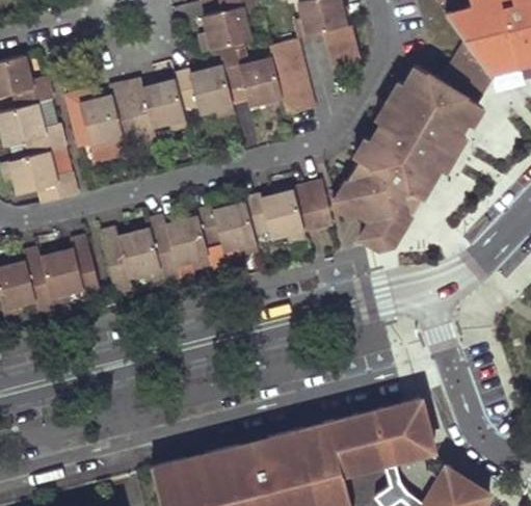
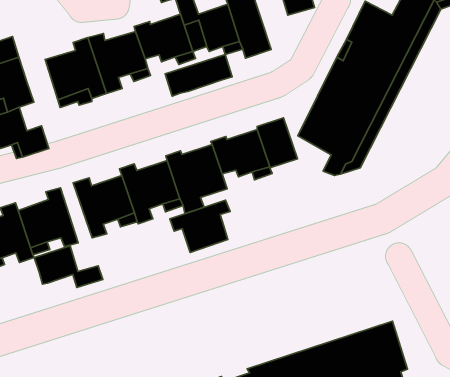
building: none -> [165,54,232,96]
building: none -> [170,200,230,252]
building: none -> [34,246,103,287]

